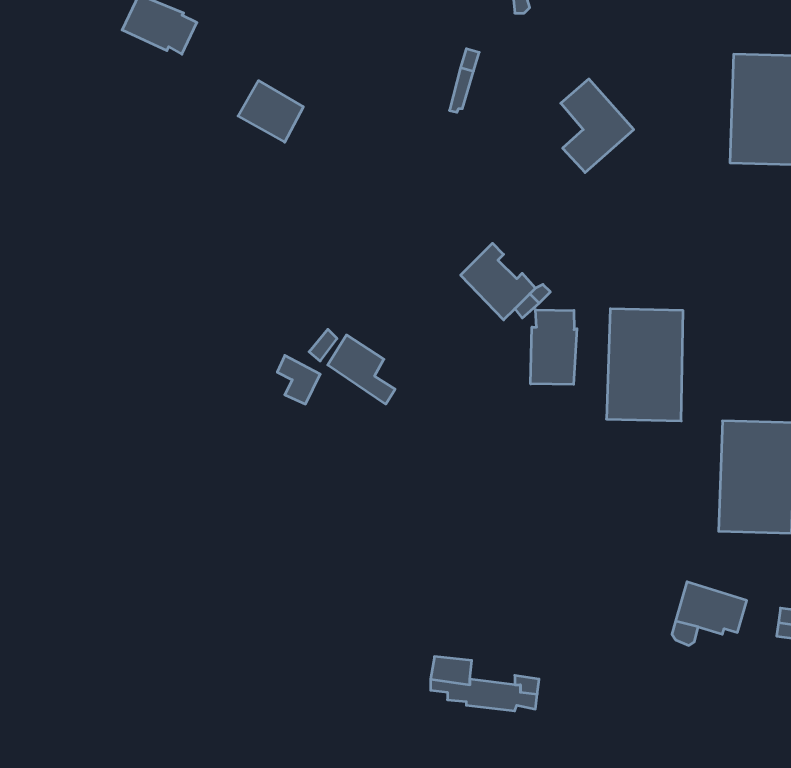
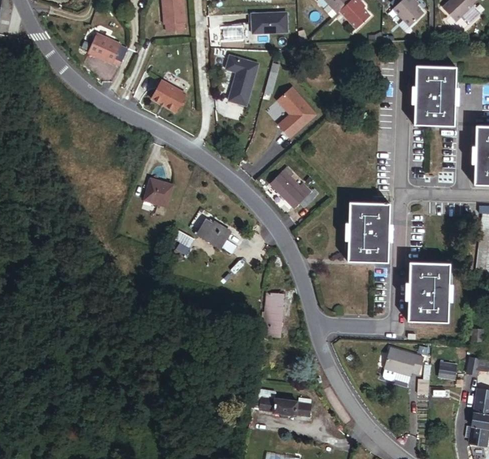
building: none -> [226,55,260,105]
building: [561,79,634,173] -> [277,88,316,138]
building: none -> [147,177,178,208]
building: [531,310,577,384] -> none
building: none -> [264,292,283,337]

